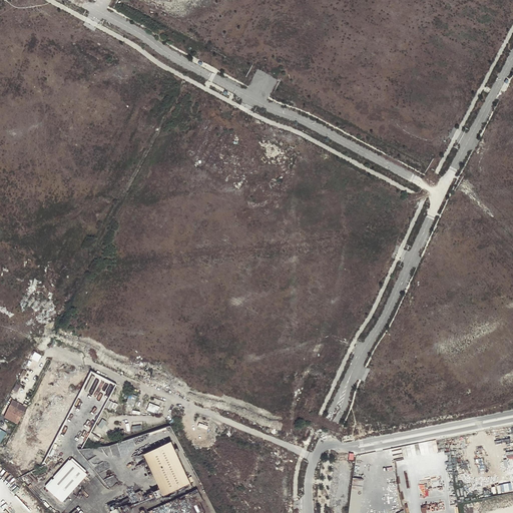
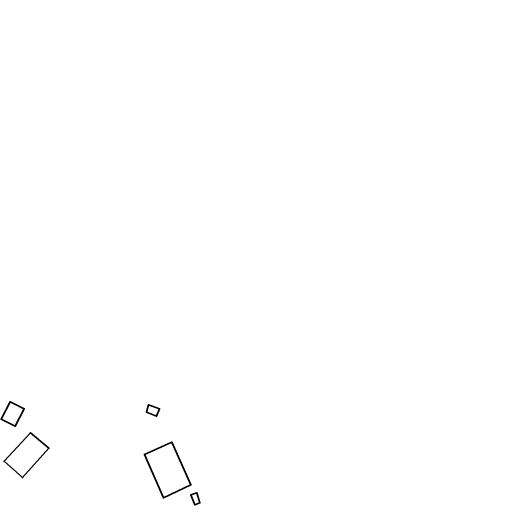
building: [43,459,87,503] -> [4,433,49,477]

